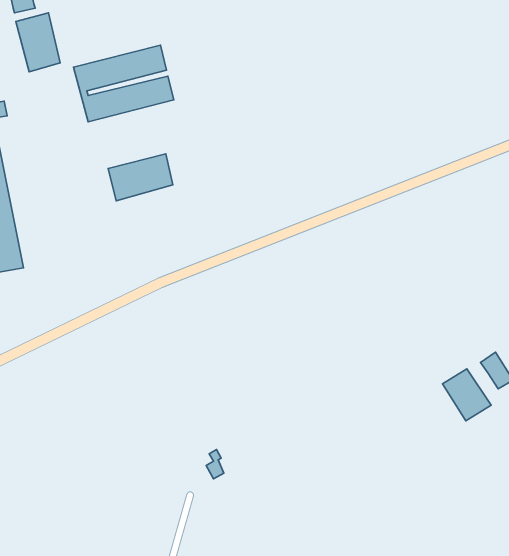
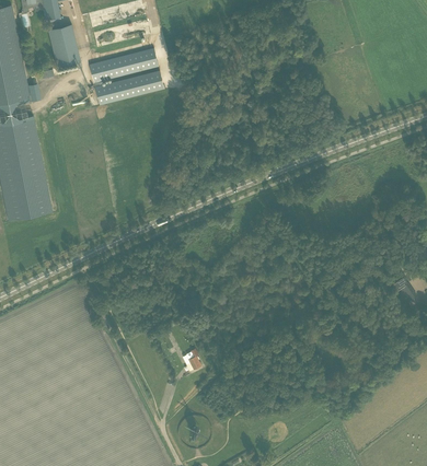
building: [108,154,173,201] -> none
building: [442,369,491,421] -> none

